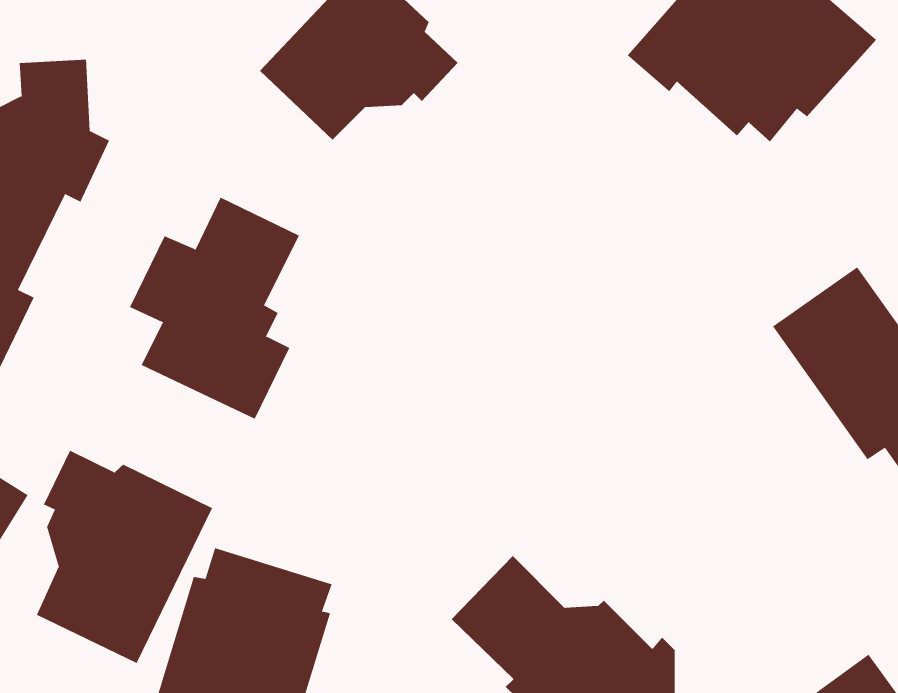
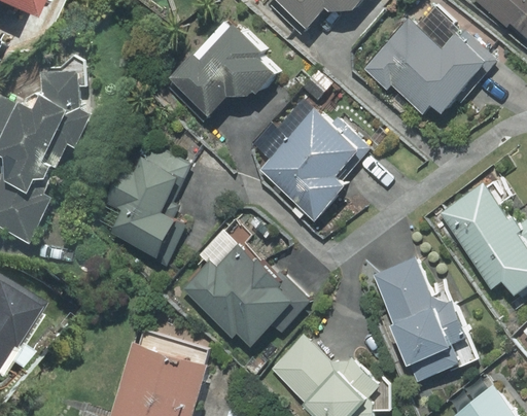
building: none -> [259,109,371,217]
building: none -> [180,218,311,345]
building: none -> [373,257,480,383]
building: [36,450,213,664] -> none

